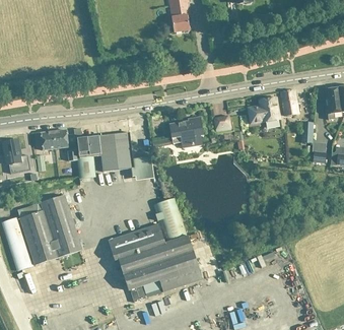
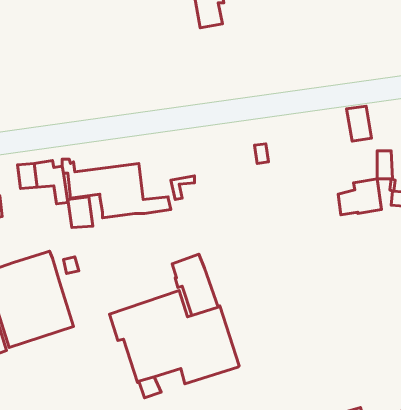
building: [248,96,279,123] -> [338,179,381,215]
building: [168,116,203,148] -> none

